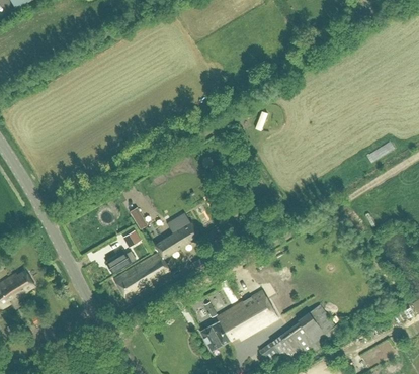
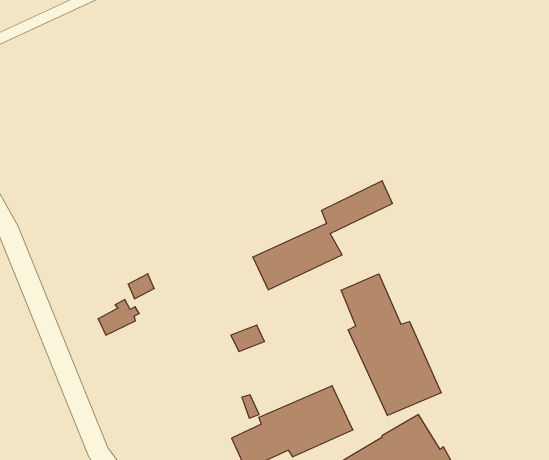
building: none -> [341,274,441,416]
building: [113,220,200,298] -> [253,181,392,290]

